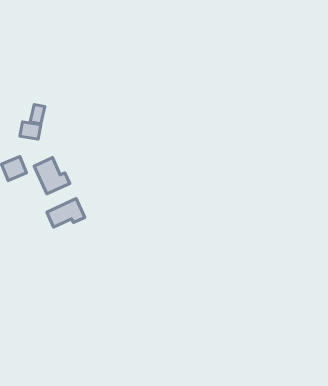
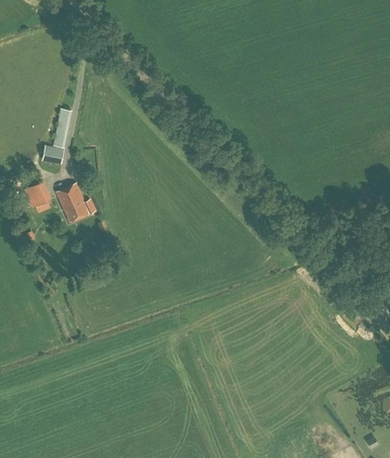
building: [47,198,85,227] -> none

